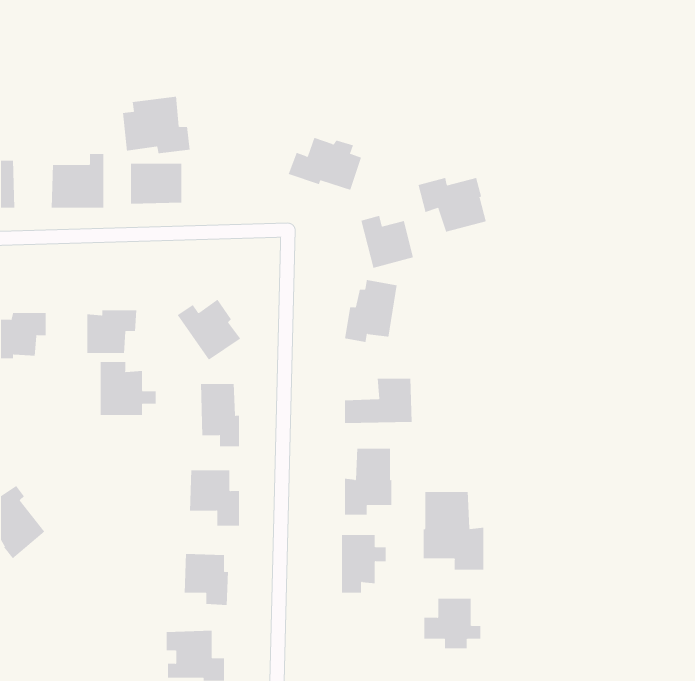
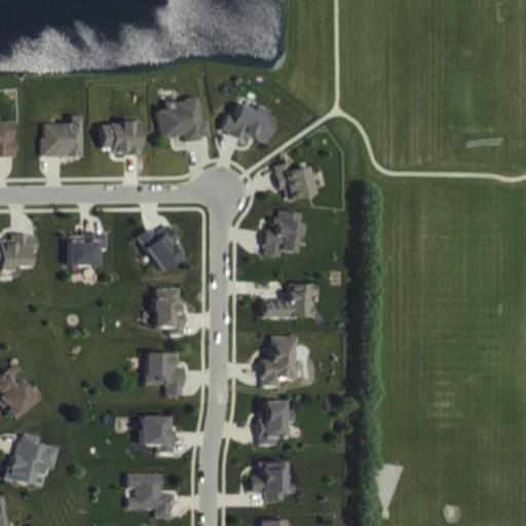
building: [122,96,191,154] -> [158,98,210,141]
building: [418,177,486,232] -> none
building: [100,361,156,416] -> none
building: [423,491,484,571] -> none
building: none -> [8,433,59,485]
building: [424,598,481,649] -> [251,461,294,499]

